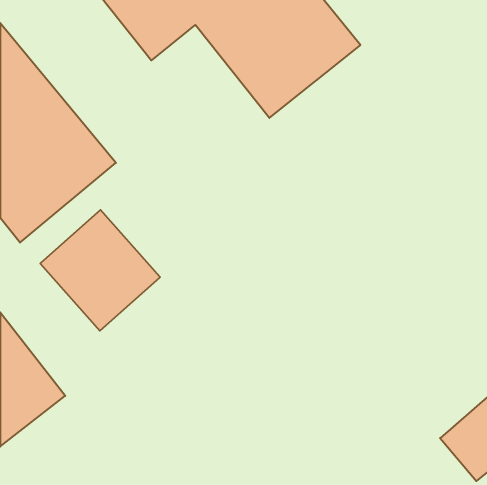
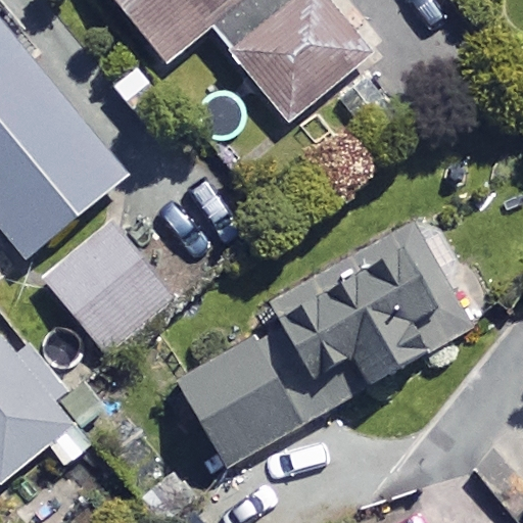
building: none -> [265,237,440,389]
building: none -> [168,329,301,468]

